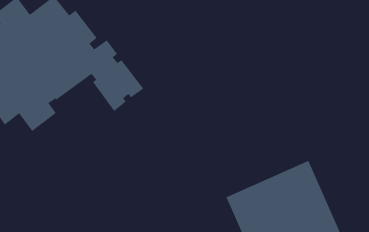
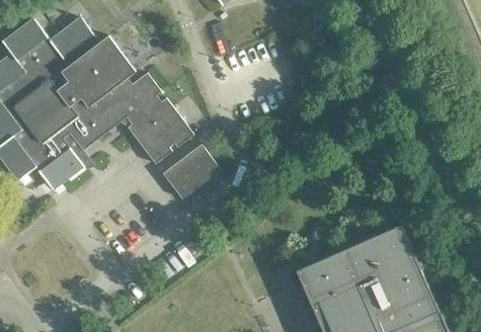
building: none -> [162,144,220,198]

